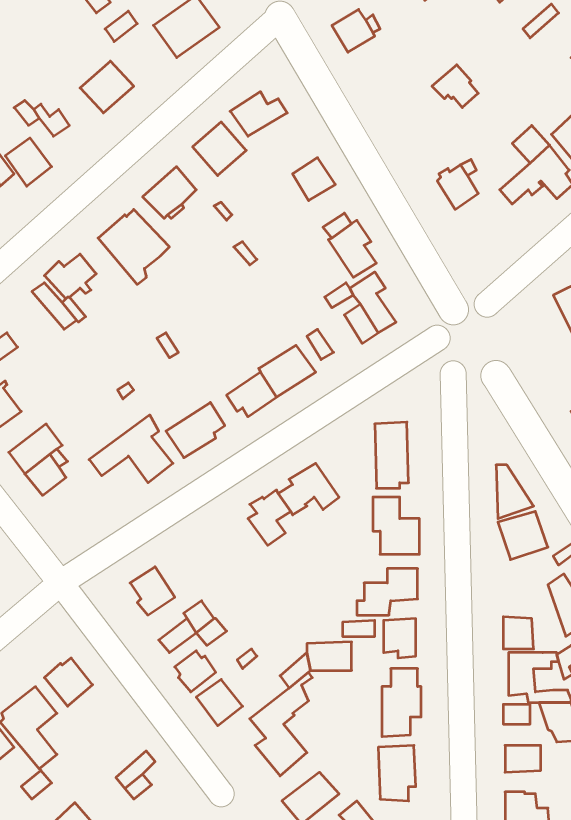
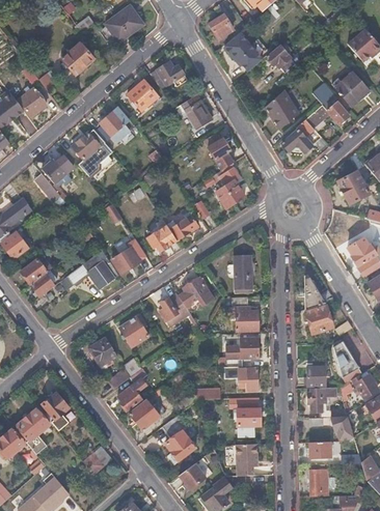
building: none -> [225,34,262,70]
building: none -> [282,119,322,152]
building: none -> [119,316,150,347]

